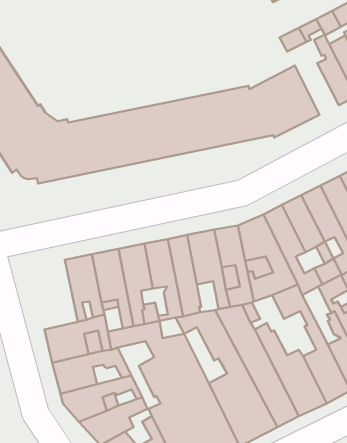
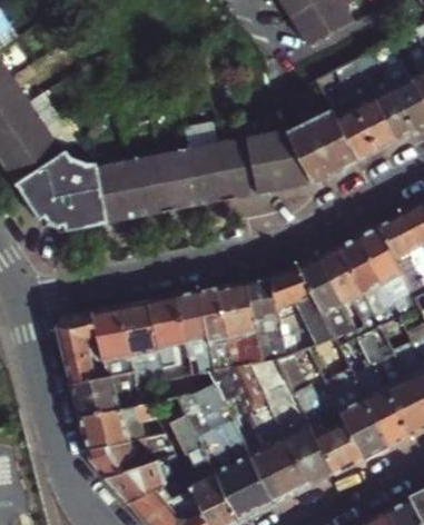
building: none -> [324,95,375,161]
building: none -> [56,311,105,384]

